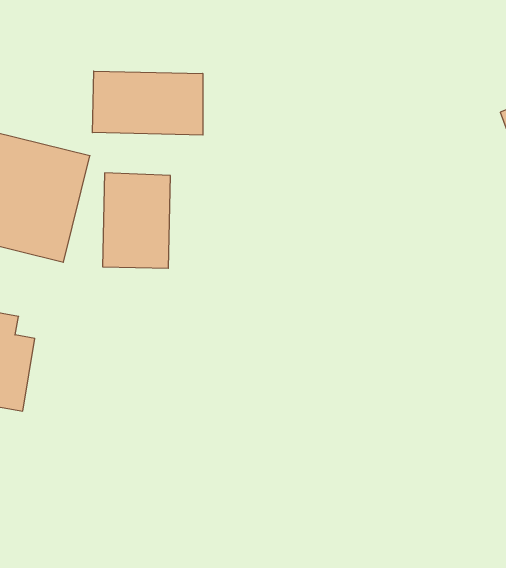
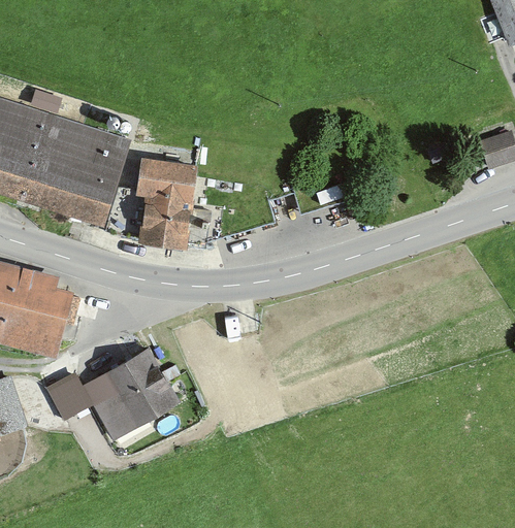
building: [92,71,203,135] -> none
building: none -> [43,352,179,441]

